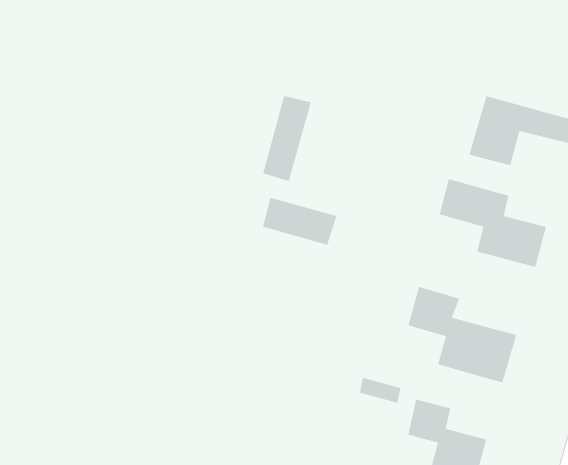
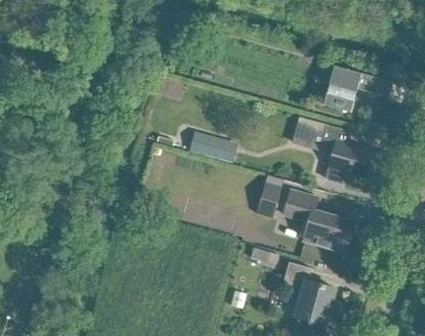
building: [262,95,312,182] -> none
building: none -> [256,182,281,219]

